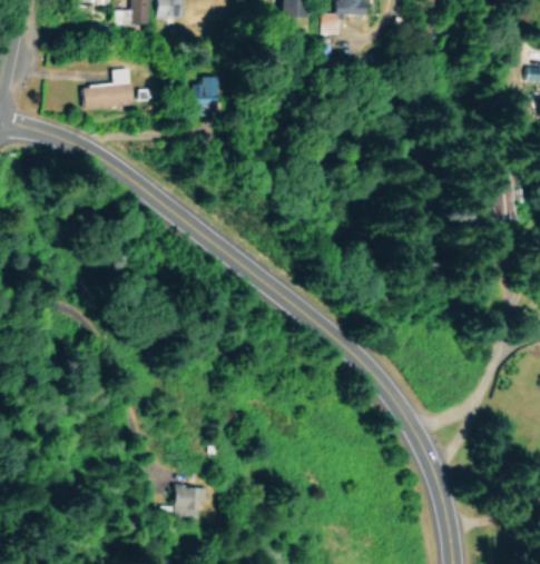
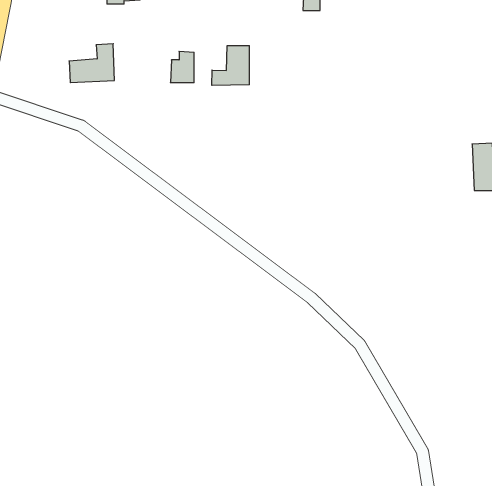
building: none -> [212,46,249,85]
building: [174,485,207,516] -> none

